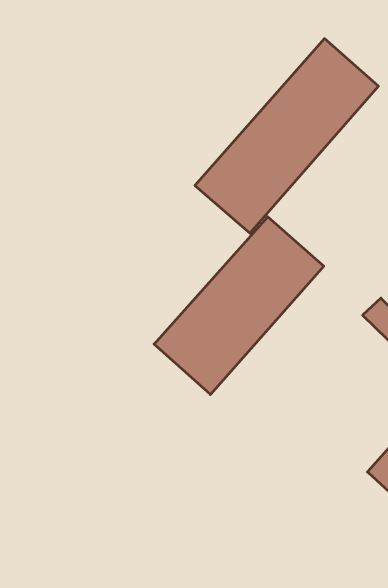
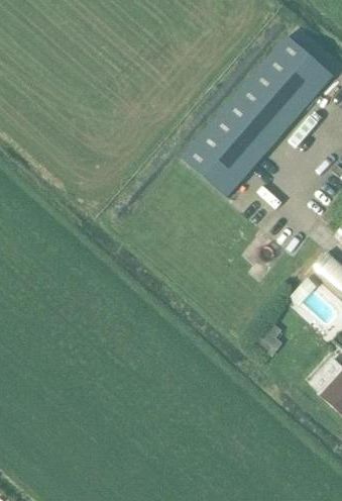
building: [154,217,324,395] -> none

